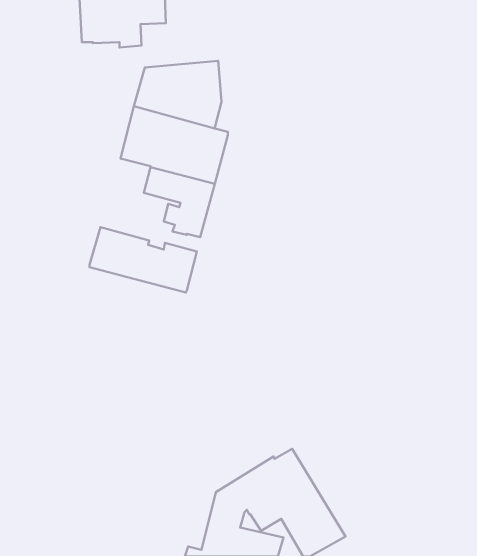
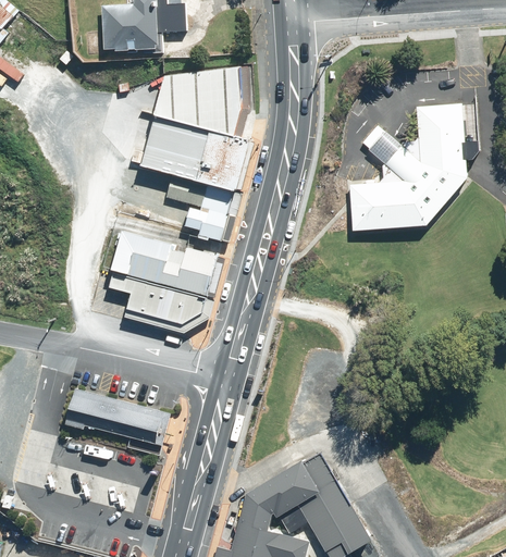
building: none -> [349,103,480,231]
building: none -> [109,273,207,329]
building: none -> [65,387,170,445]

